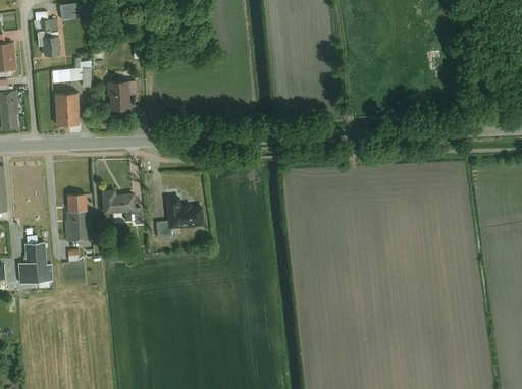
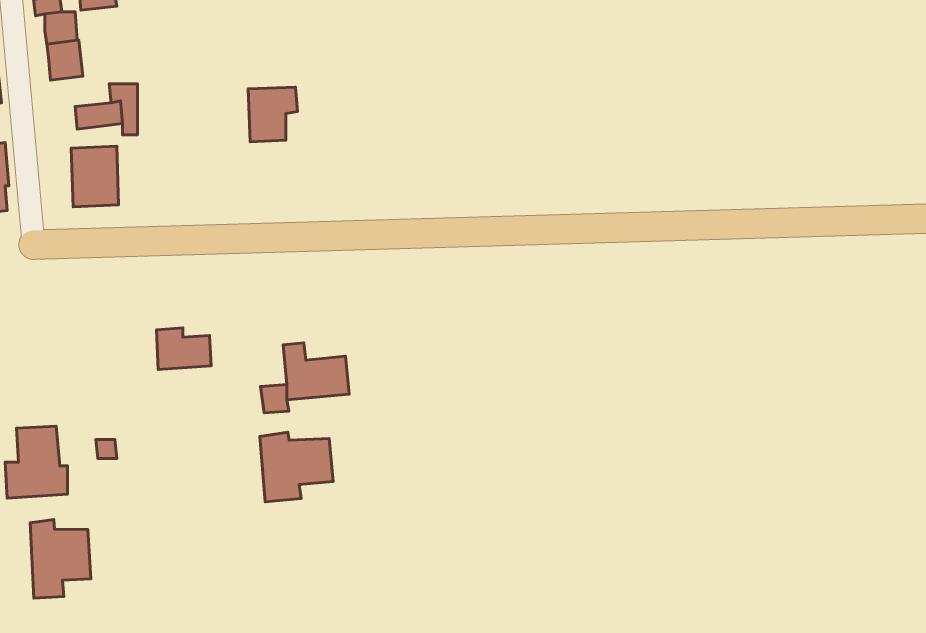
building: [107,80,134,110] -> [248,87,297,142]
building: [65,196,93,241] -> none
building: none -> [260,432,333,502]
building: none -> [30,520,91,598]

